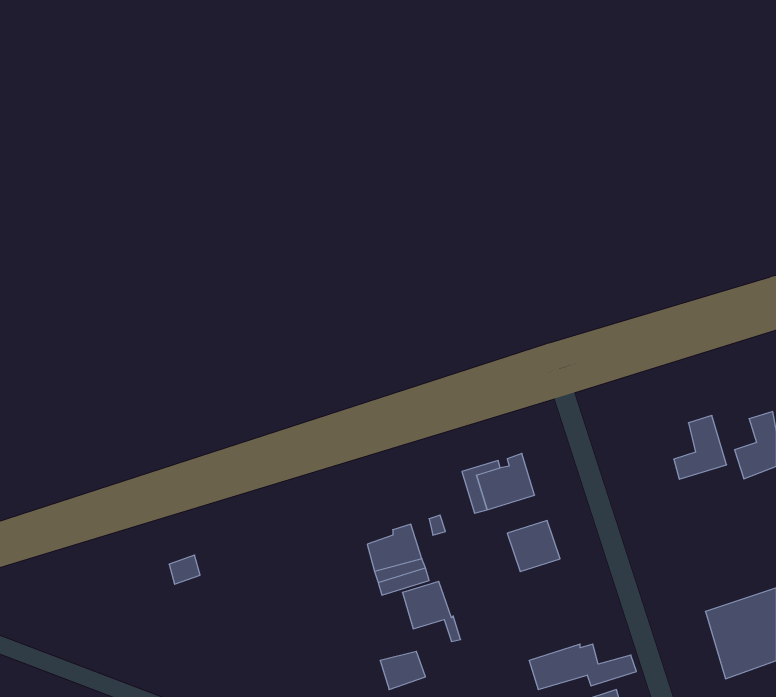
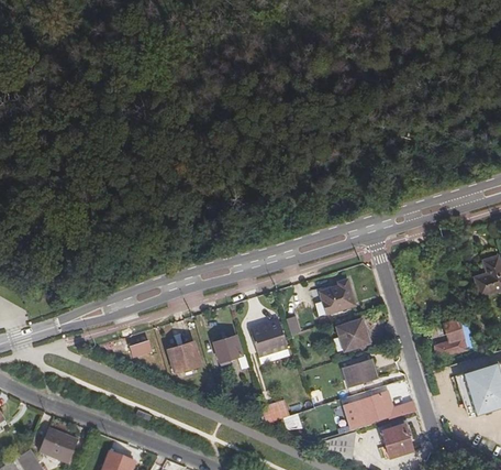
building: [674,416,727,479] -> [436,318,468,357]
building: none -> [167,337,199,369]
building: [402,581,461,641] -> [214,335,249,371]
building: none -> [344,358,378,385]

